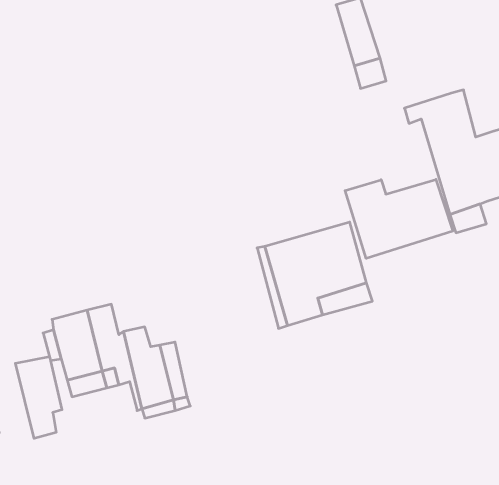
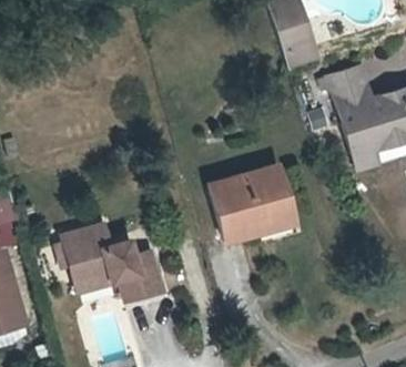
building: [345,179,453,258] -> none
building: [15,356,62,438] -> none

